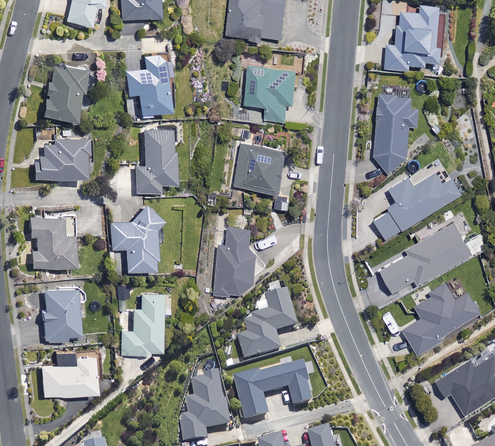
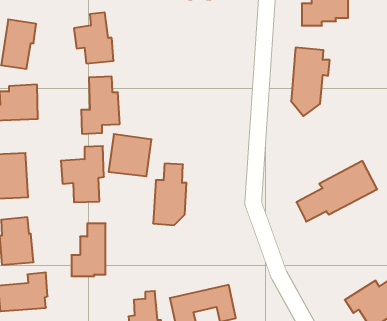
building: [246,66,295,123] -> none
building: [236,144,285,192] -> [109,134,152,176]
building: [374,173,461,240] -> none
building: [403,283,479,355] -> none
building: [239,291,298,362] -> none

